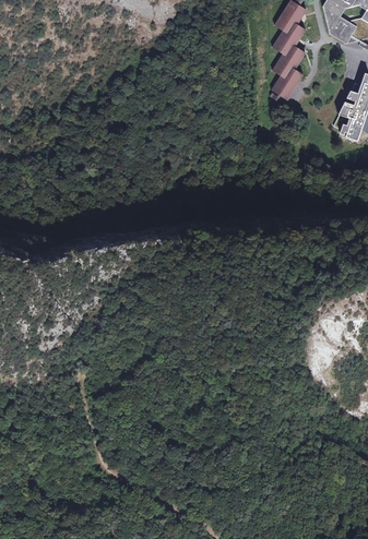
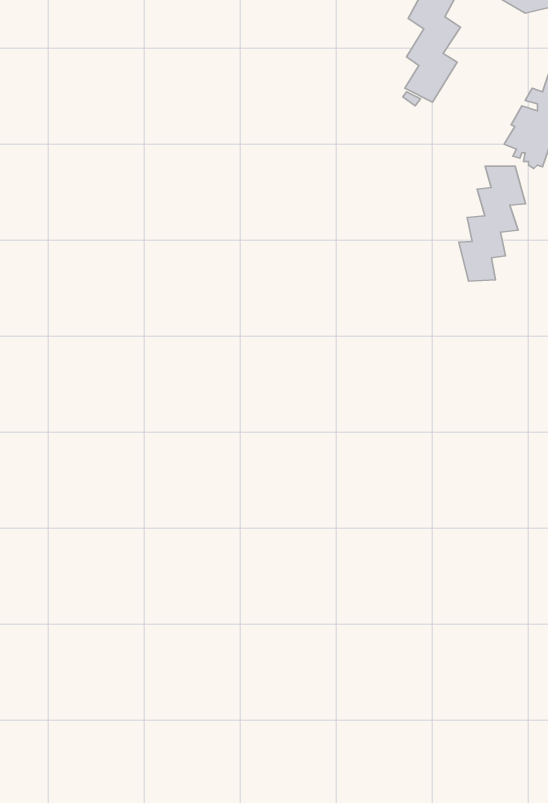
building: none -> [459,166,525,281]

